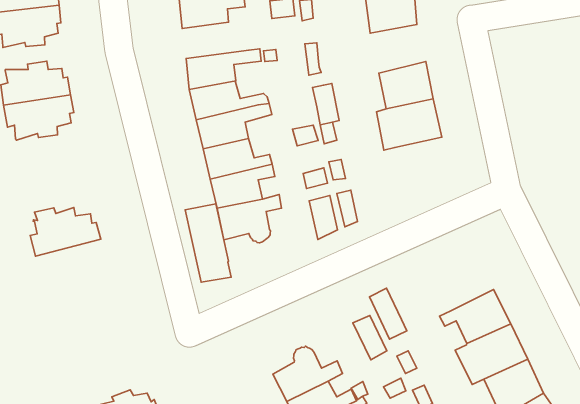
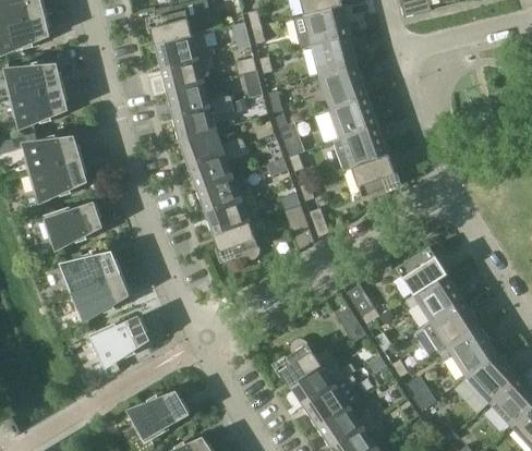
building: none -> [166,83,231,117]
building: none -> [319,65,367,109]
building: none -> [351,155,399,198]
building: none -> [41,203,100,247]
building: [185,204,231,282] -> none
building: none -> [70,272,126,319]
building: none -> [396,246,446,295]
building: none -> [87,317,147,365]

